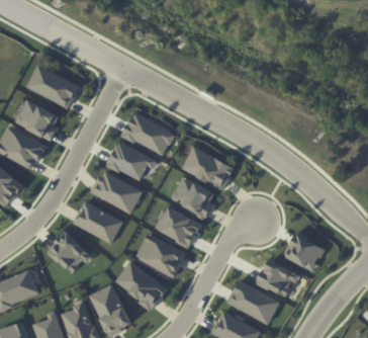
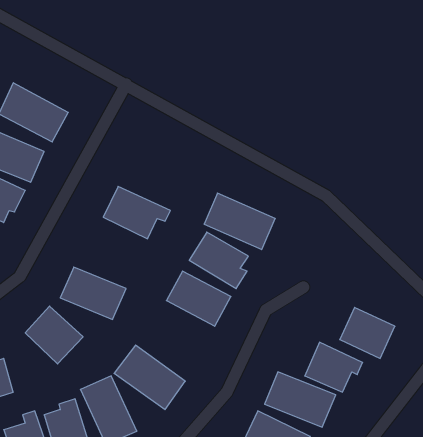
building: [122,112,175,156] -> none
building: [91,170,144,214] -> none
building: [135,233,186,277] -> none

